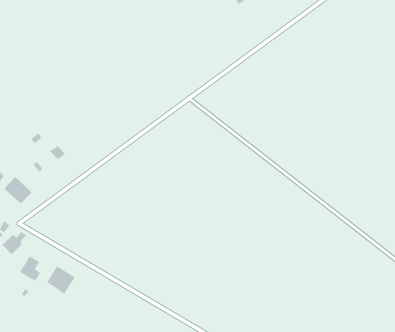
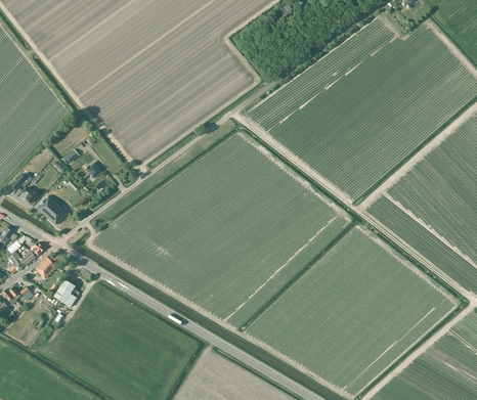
building: [47,265,75,294] -> none

